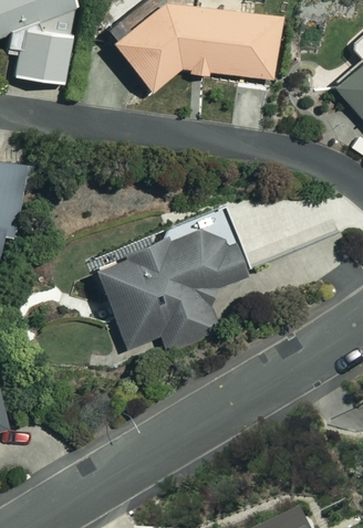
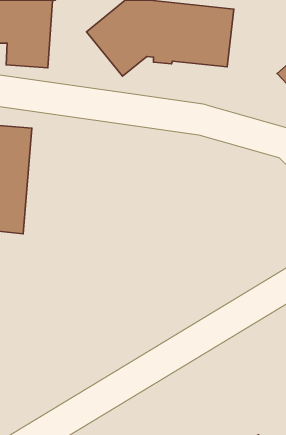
building: [91,217,246,351] -> none

